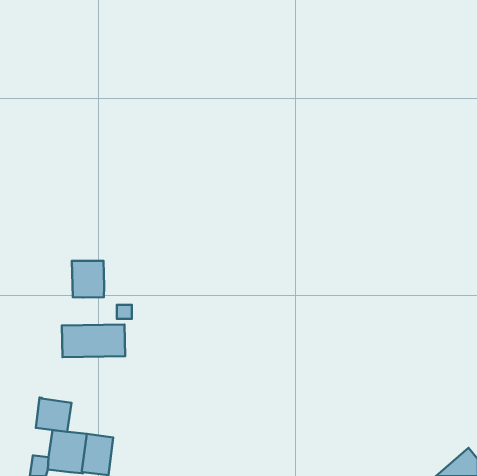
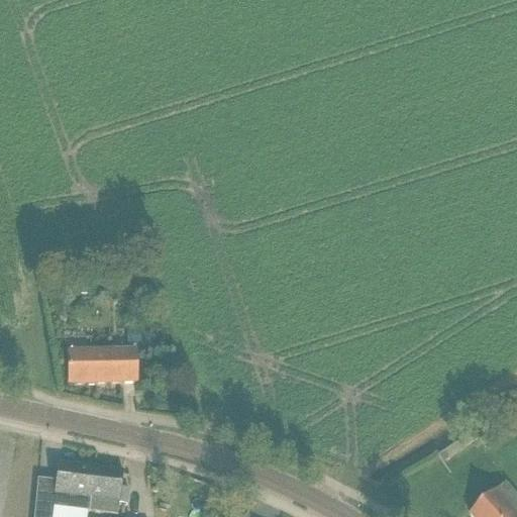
building: [72,261,104,298] -> none
building: [36,397,72,432] -> none

